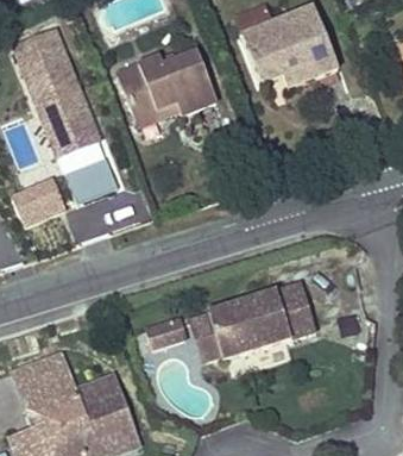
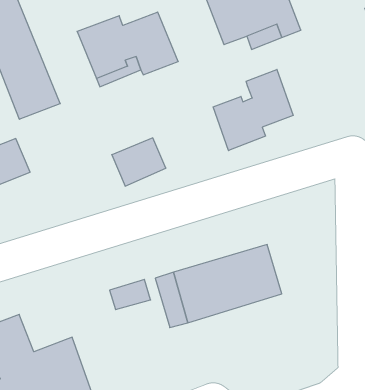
building: none -> [213,69,293,151]
building: [65,157,119,205] -> [112,138,166,186]

